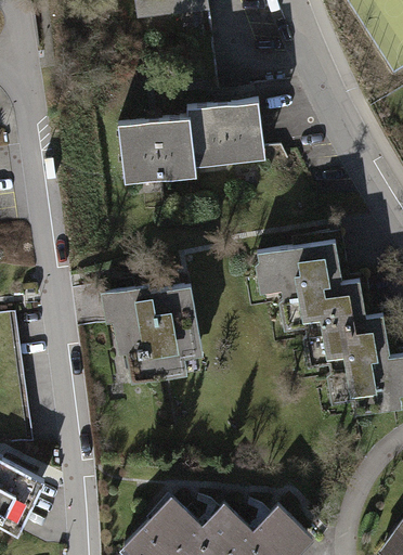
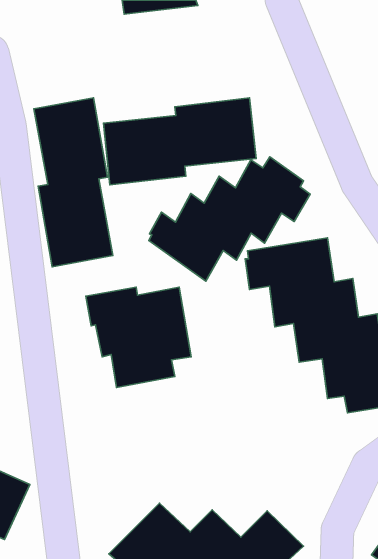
building: none -> [34,98,113,267]
building: none -> [149,157,310,281]

